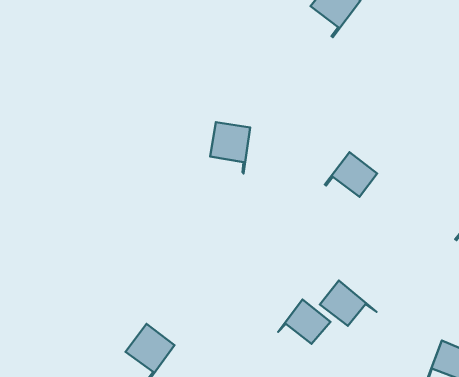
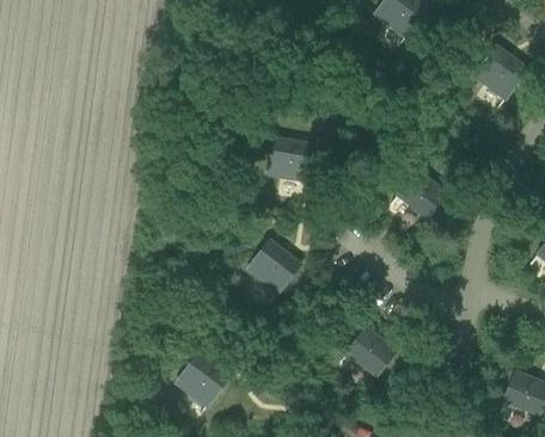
building: none -> [473,45,527,107]
building: none -> [246,240,300,302]
building: [320,280,377,326] -> none

